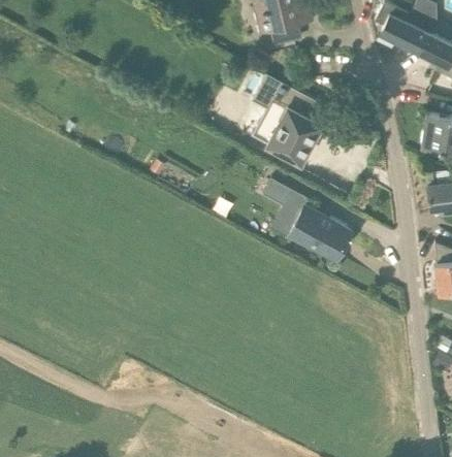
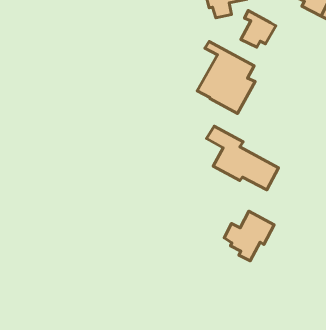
building: none -> [241,10,276,47]
building: none -> [224,211,274,261]

